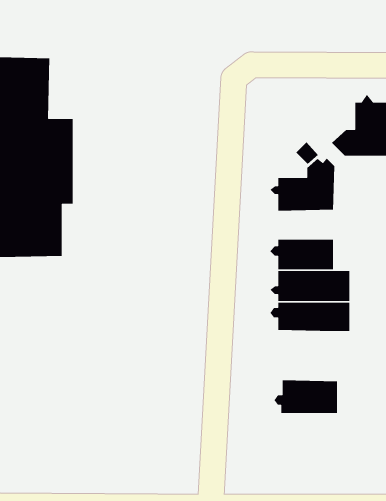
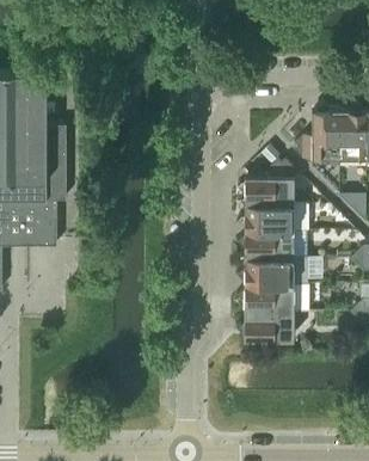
building: none -> [238,205,308,231]
building: [273,379,338,414] -> [238,311,294,340]

